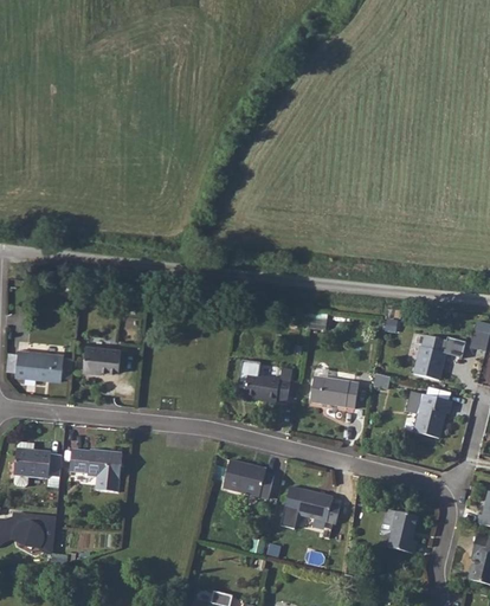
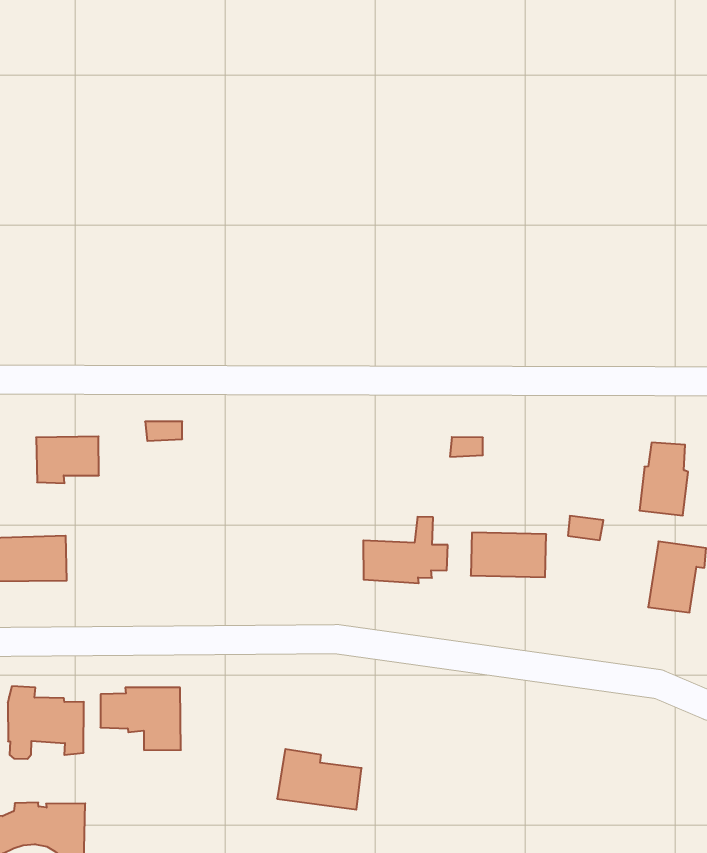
building: [85,342,125,372] -> [36,436,99,483]
building: [219,459,272,501] -> [277,749,362,810]
building: [295,490,340,526] -> none
building: [387,512,415,556] -> none

